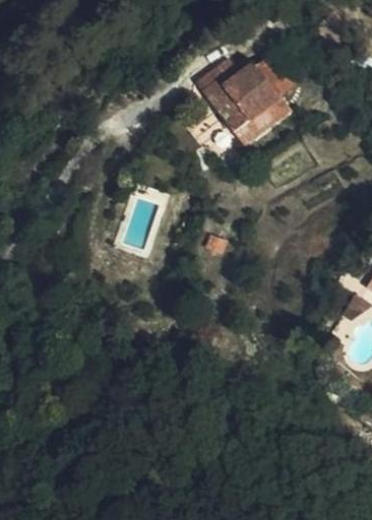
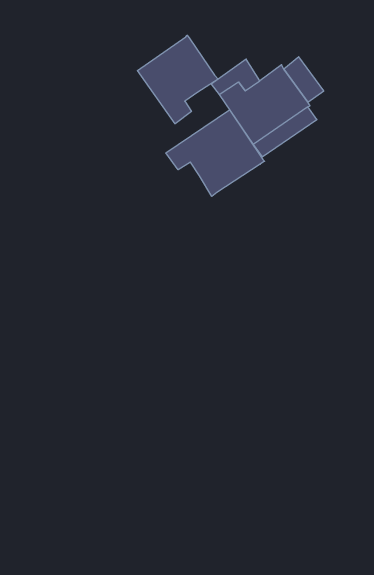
building: none -> [137,35,218,124]
building: none -> [166,110,265,196]

